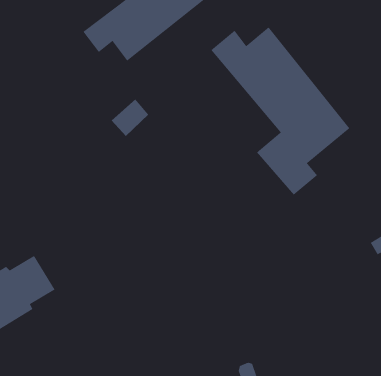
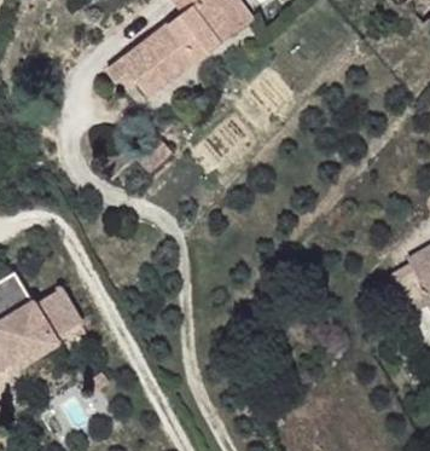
building: [211,26,350,195] -> none

